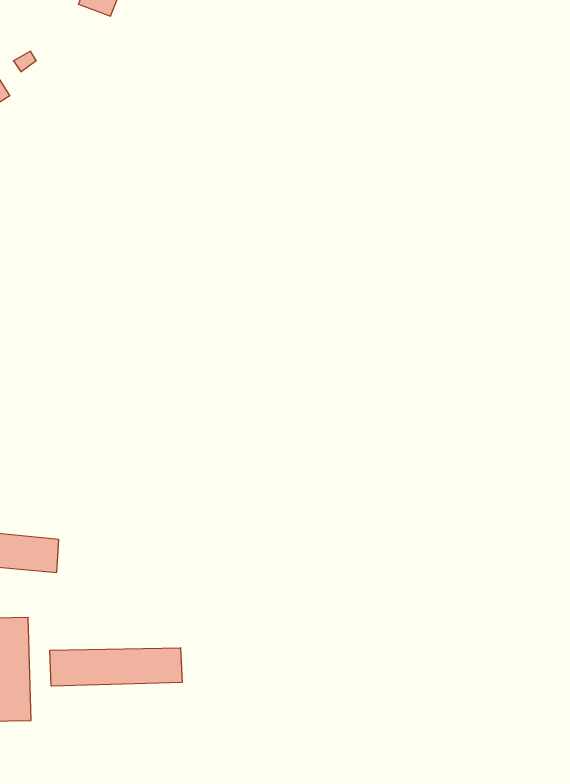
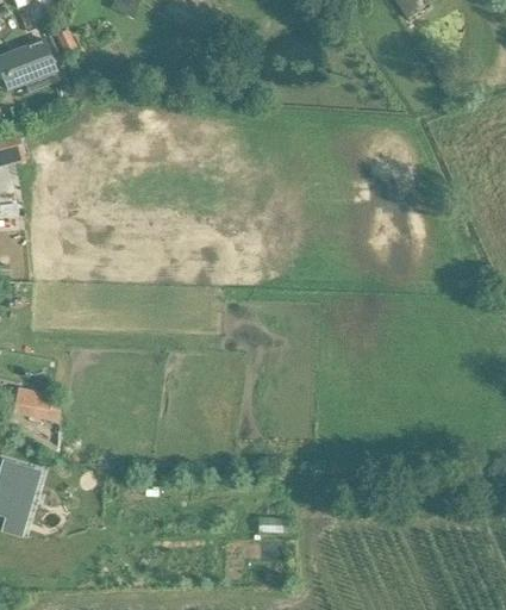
building: [50,648,182,686] -> none

